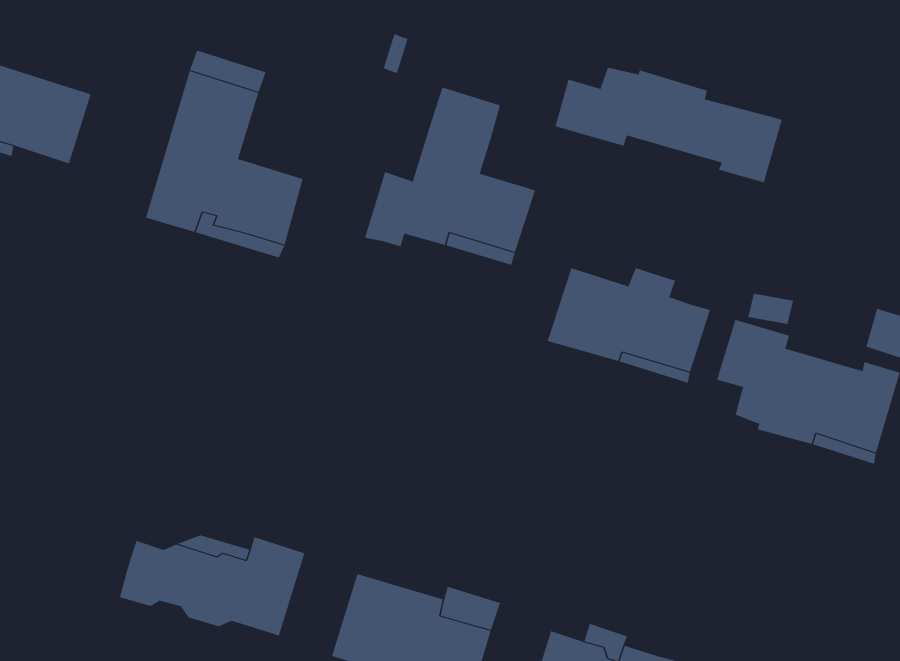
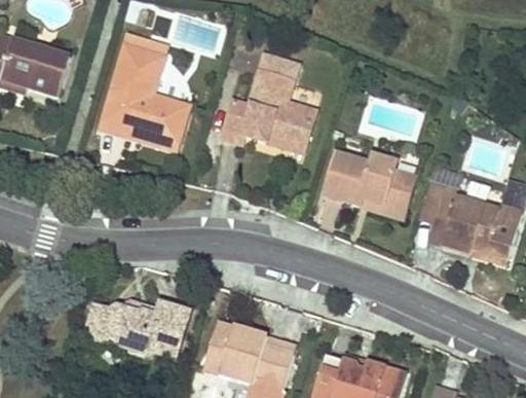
building: [555,67,783,183] -> none

